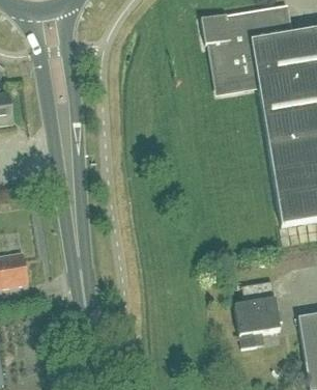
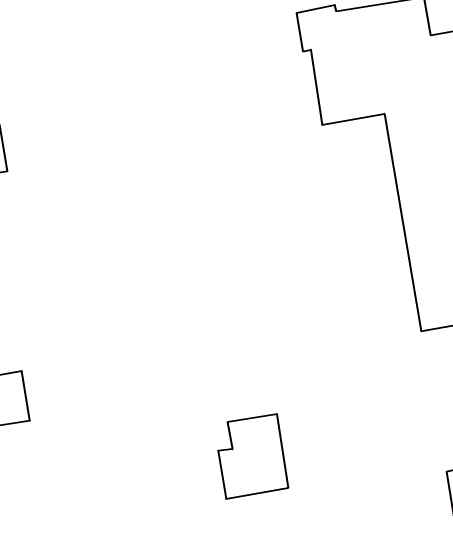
building: [235,281,281,336] -> [218,414,288,499]

